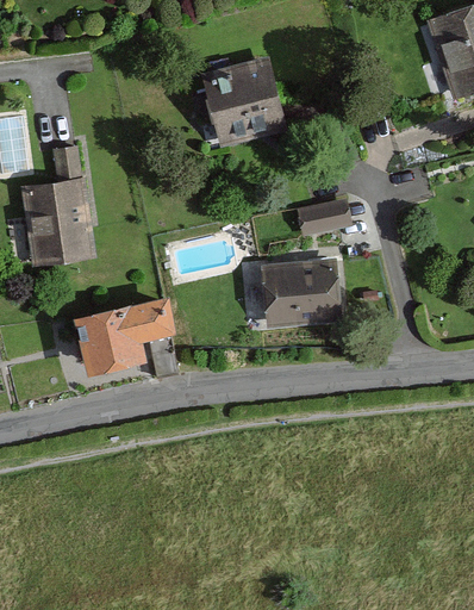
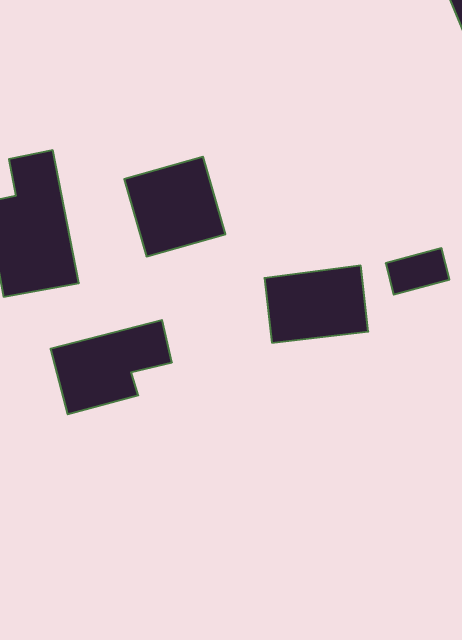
building: [201,64,285,147] -> [124,157,225,256]
building: [298,200,351,237] -> [386,248,449,295]

